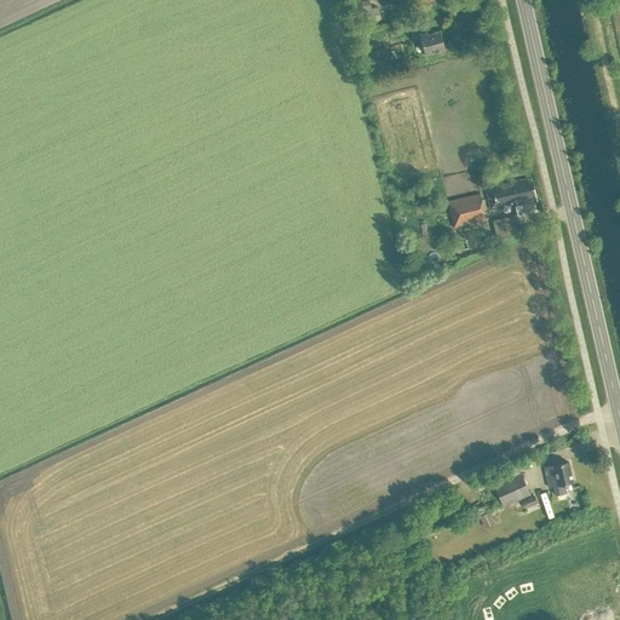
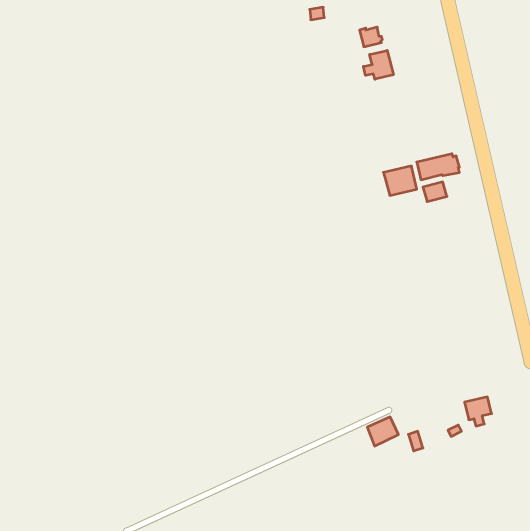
building: none -> [363,50,393,79]
building: [495,473,532,507] -> [367,417,398,446]

